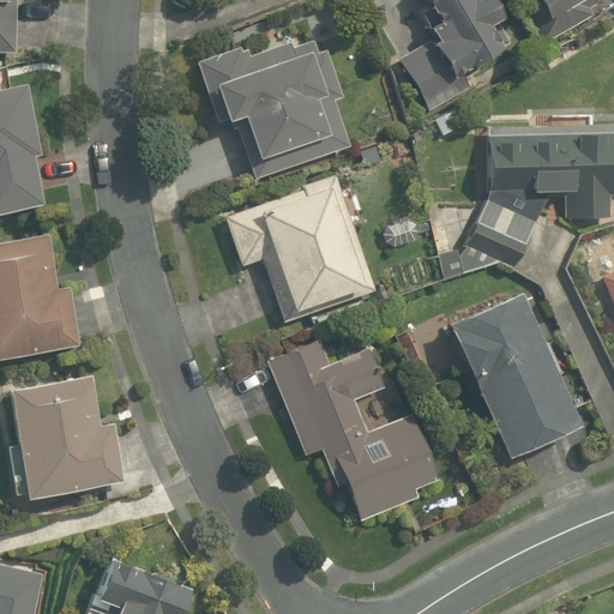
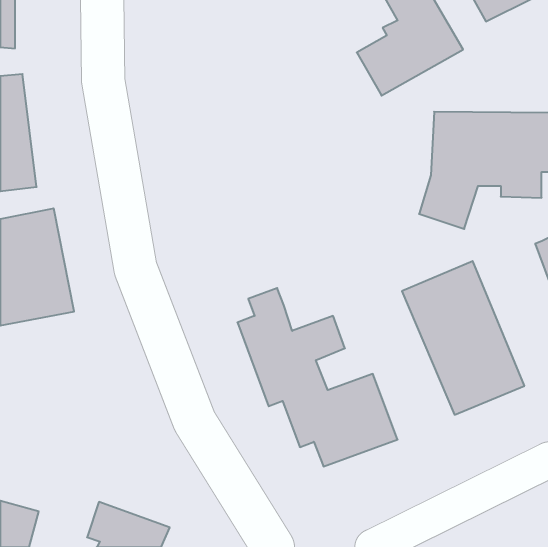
building: [194,18,342,169] -> none
building: [223,175,373,320] -> none
building: [10,377,126,504] -> none

